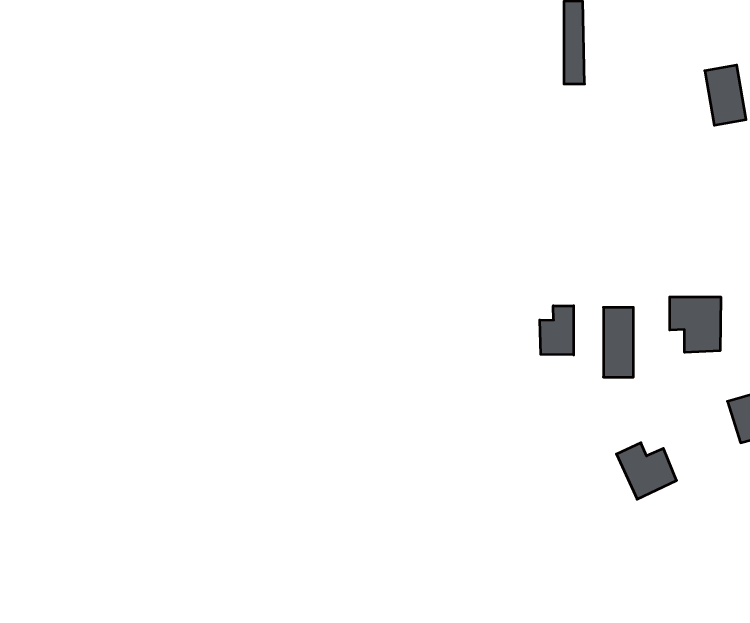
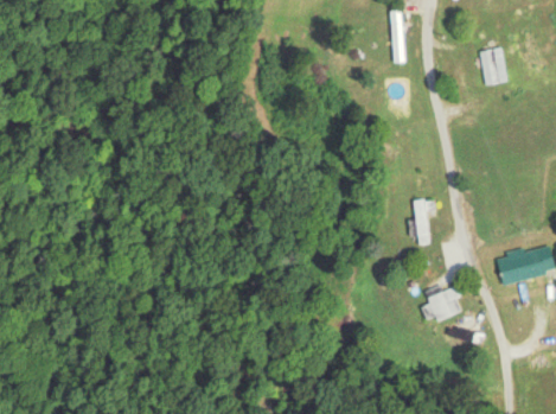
building: [670,297,721,352] -> none
building: [540,306,574,355] -> none

